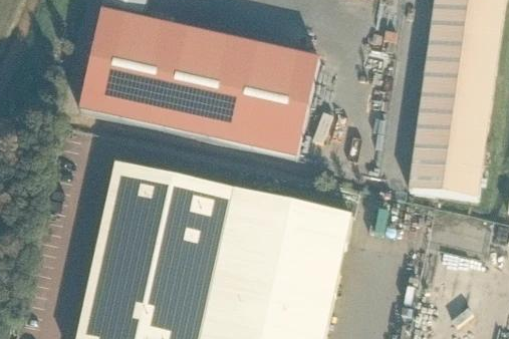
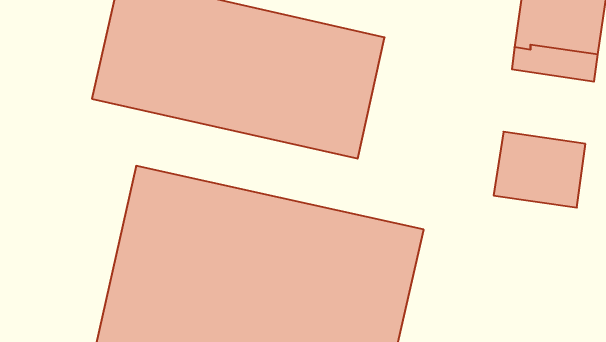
building: [417,83,491,144] -> none

